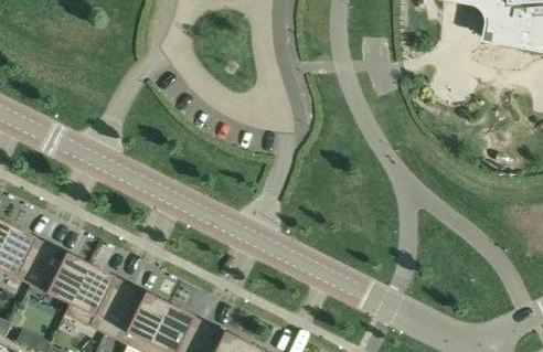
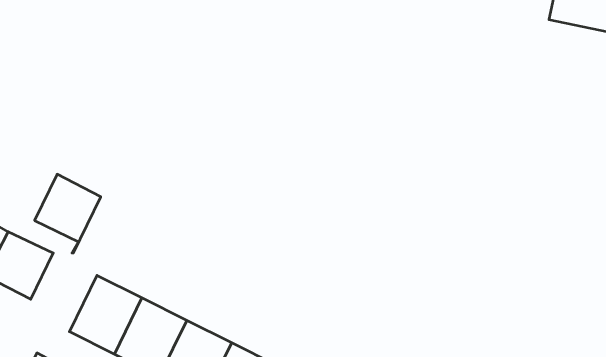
building: [30,244,88,313] -> [35,174,101,253]

